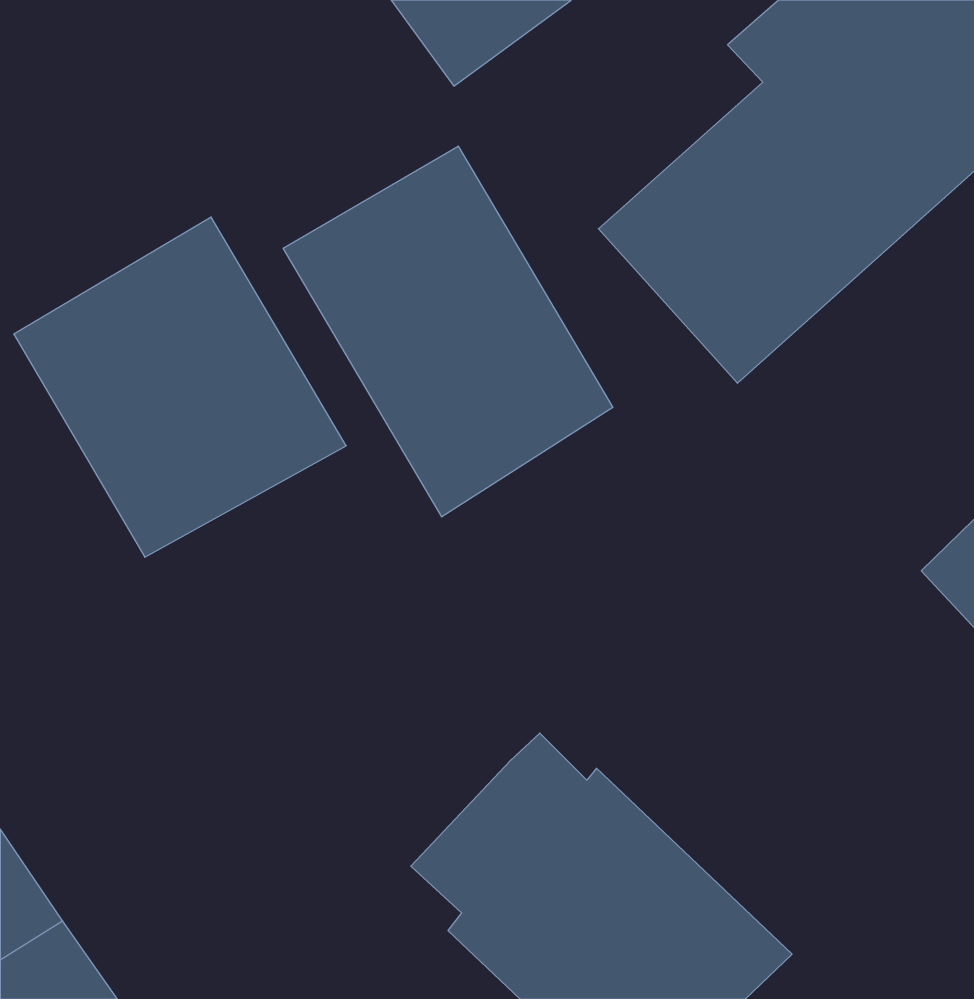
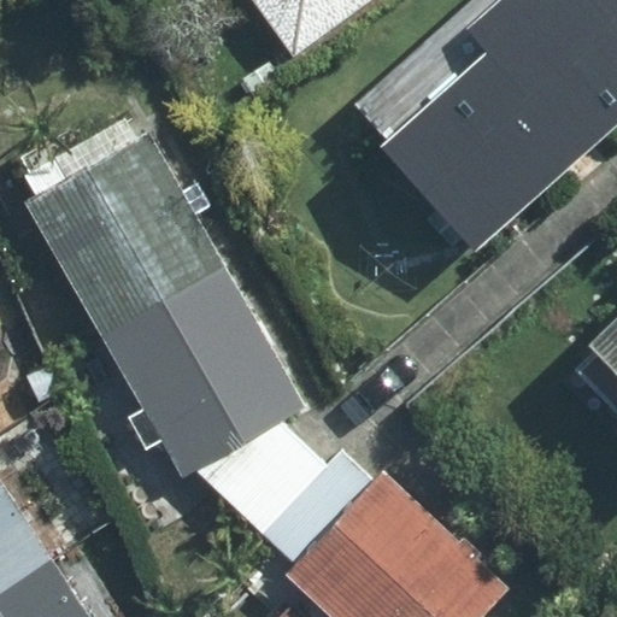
building: [283,146,613,517] -> none
building: none -> [105,275,330,534]

